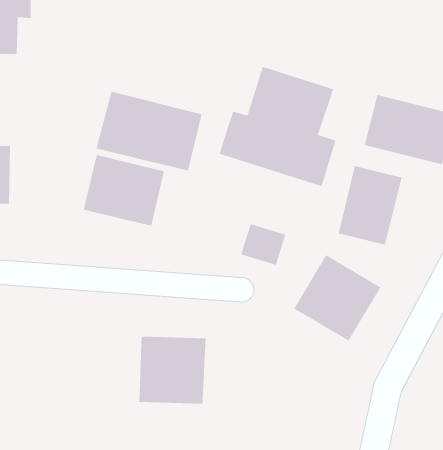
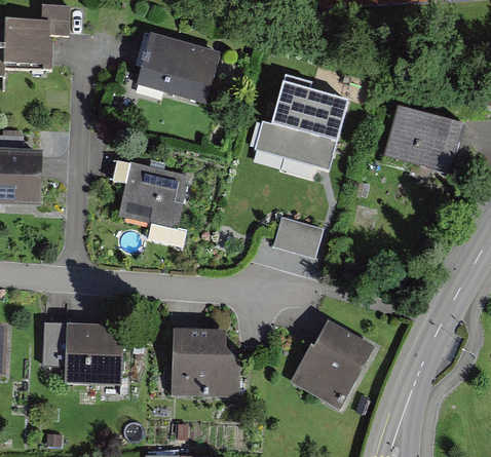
building: [95,91,203,172] -> [122,28,223,104]
building: [338,165,403,246] -> none
building: [293,254,382,342] -> [287,327,370,409]
building: none -> [60,321,119,383]

